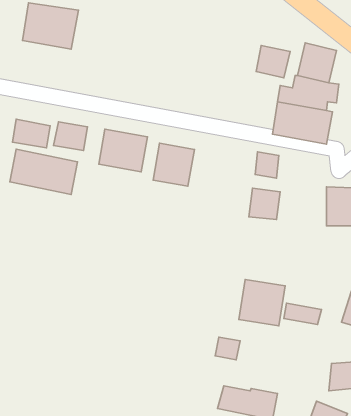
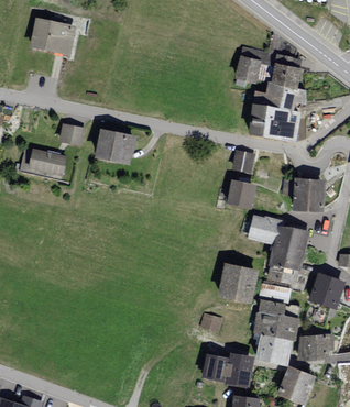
building: [12,119,50,148] -> none
building: [153,143,194,186] -> none
building: none -> [260,220,310,284]
building: none -> [253,298,299,363]

